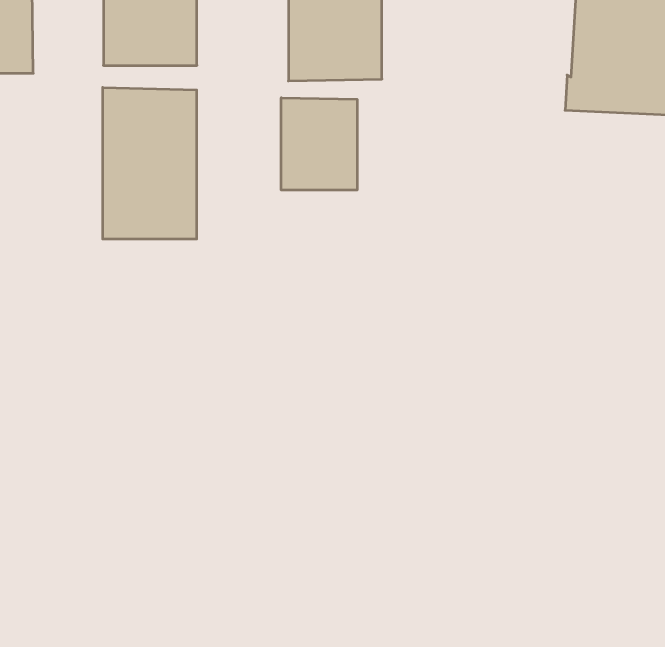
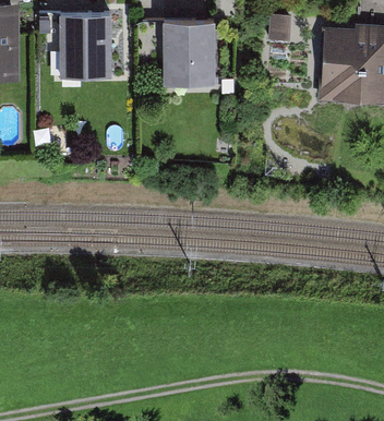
building: [103,87,197,239] -> none
building: [281,98,357,190] -> none

